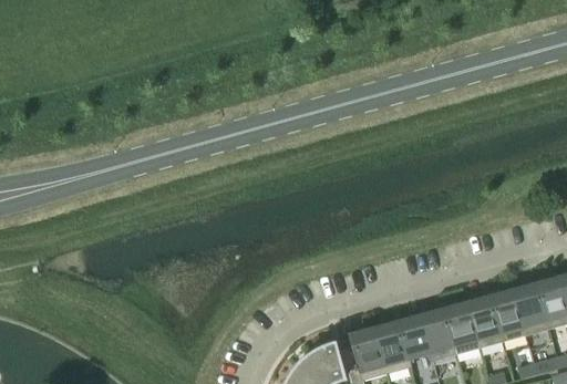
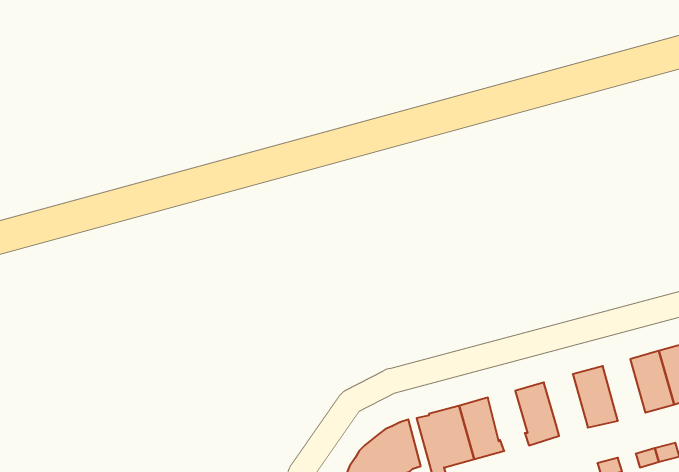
building: [492,292,526,342] -> none
building: [444,304,480,354] -> none
building: [399,318,431,359] -> none

